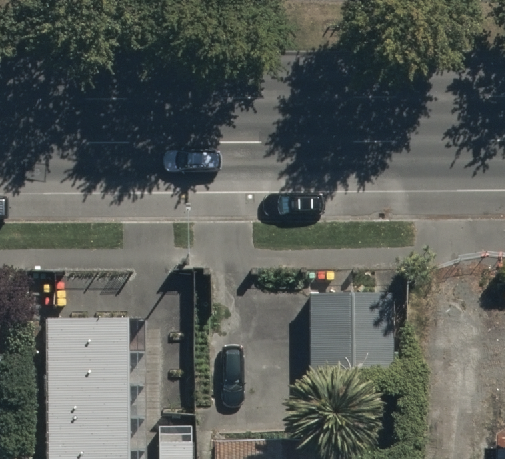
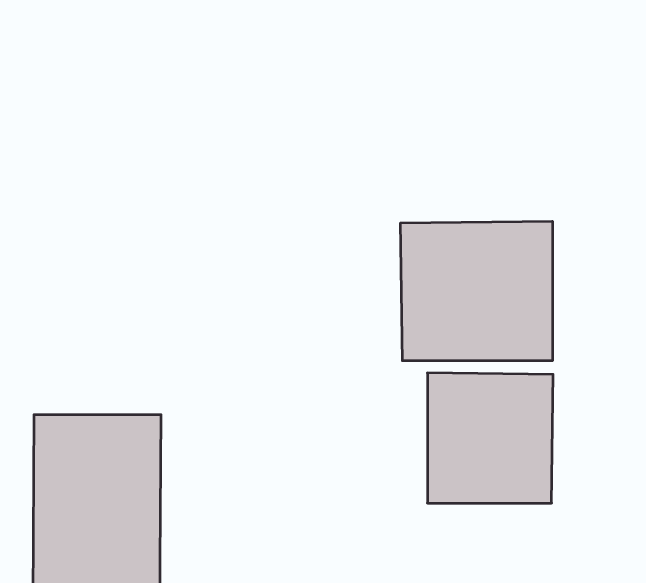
building: none -> [401,221,552,361]

